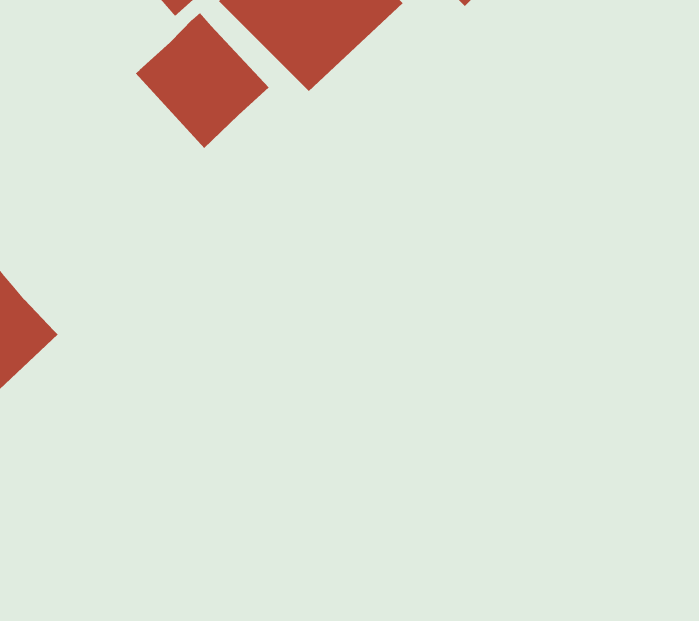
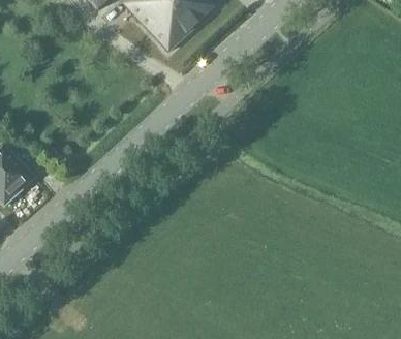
building: [135,12,269,149] -> none

